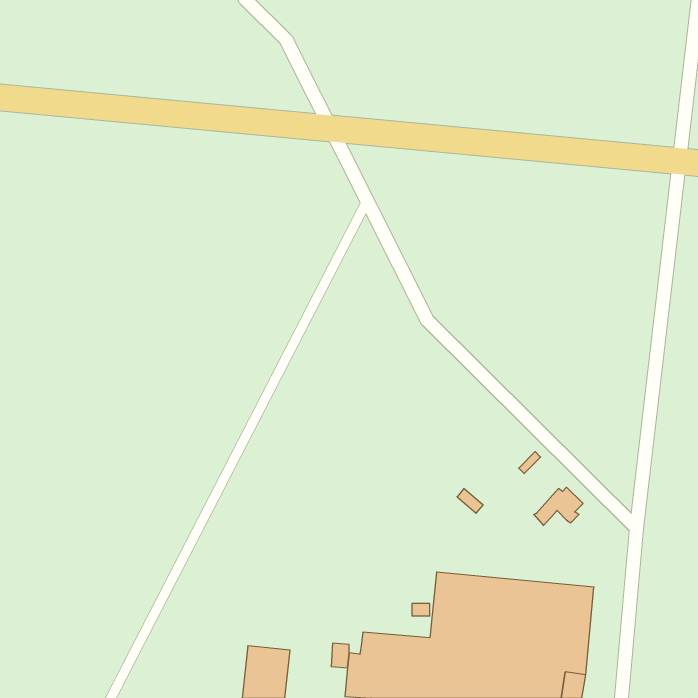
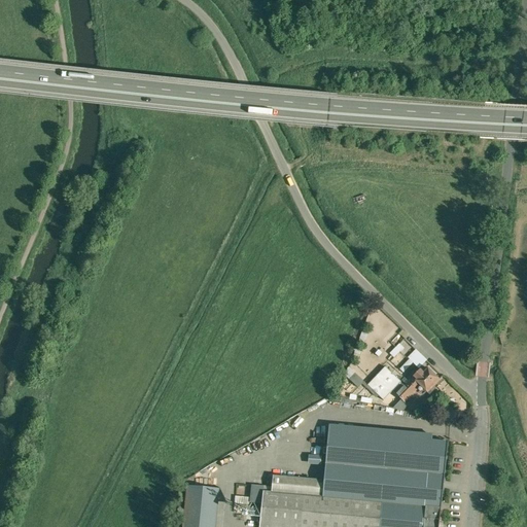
building: none -> [366,365,409,400]

